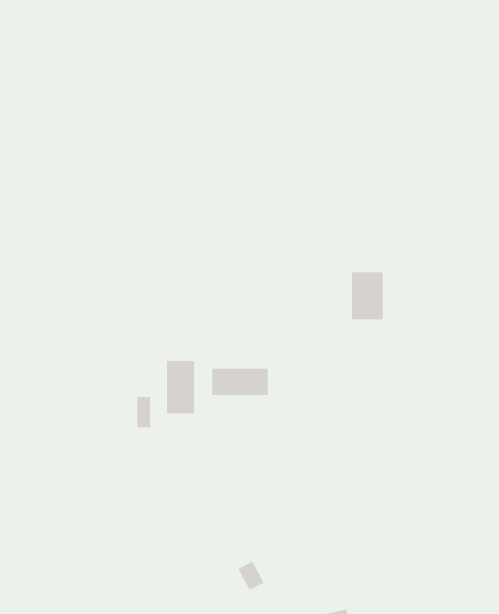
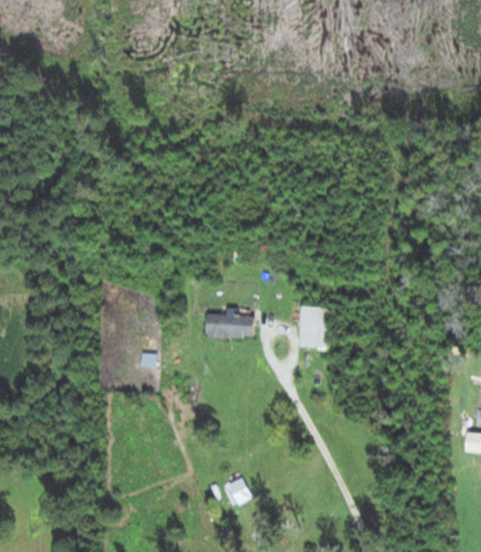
building: [351,272,383,320] -> [298,306,326,347]
building: [166,360,194,414] -> none

